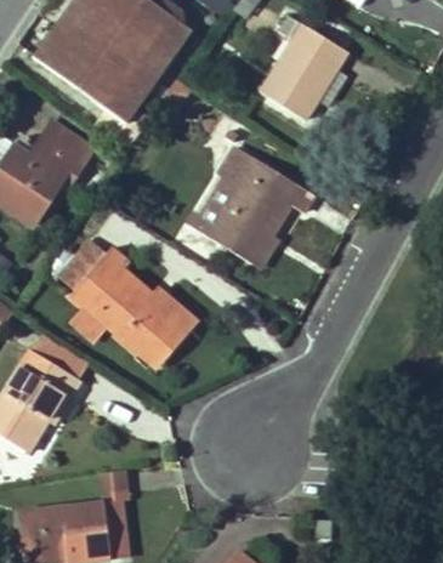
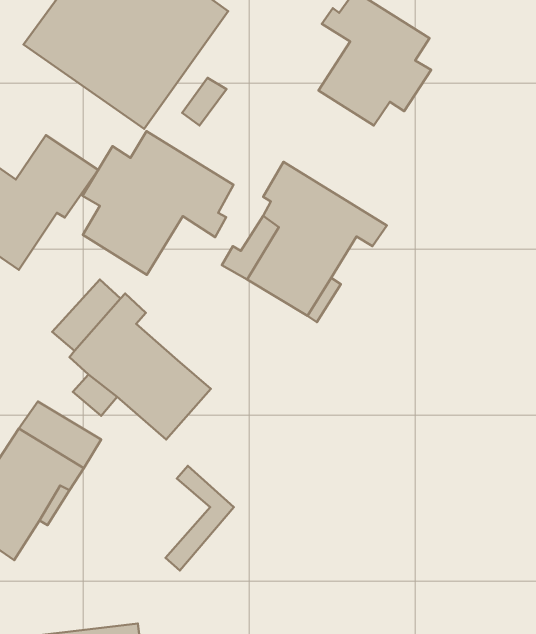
building: none -> [83,131,234,275]
building: [144,288,197,368] -> [166,466,234,571]

